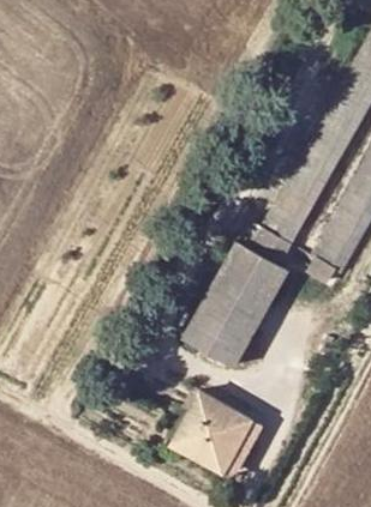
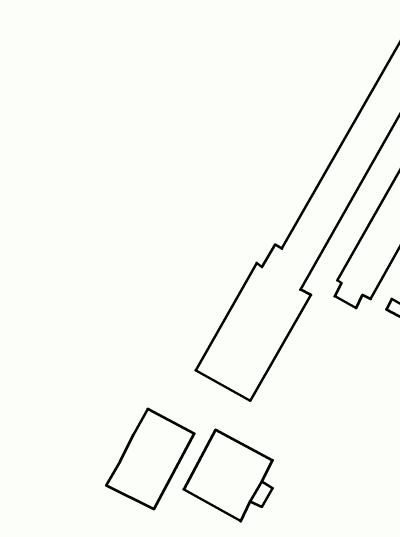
building: none -> [106,409,194,509]

